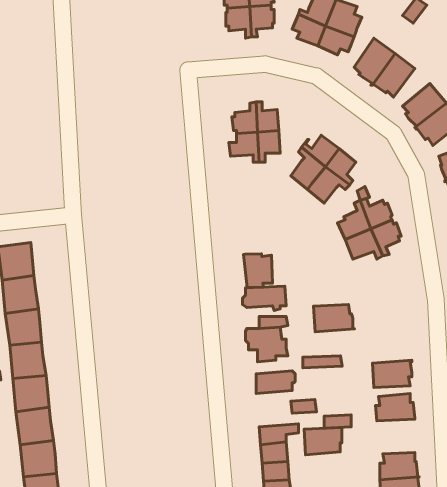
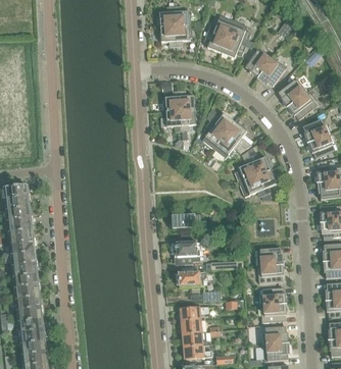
building: [244,254,273,288] -> none
building: [314,305,354,332] -> [256,248,284,266]
building: [304,428,342,455] -> [260,304,286,322]

